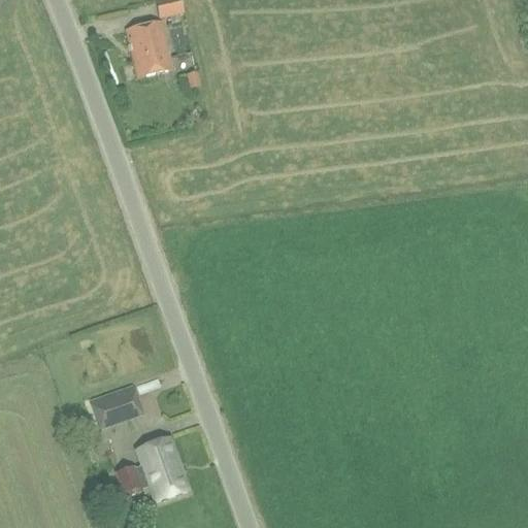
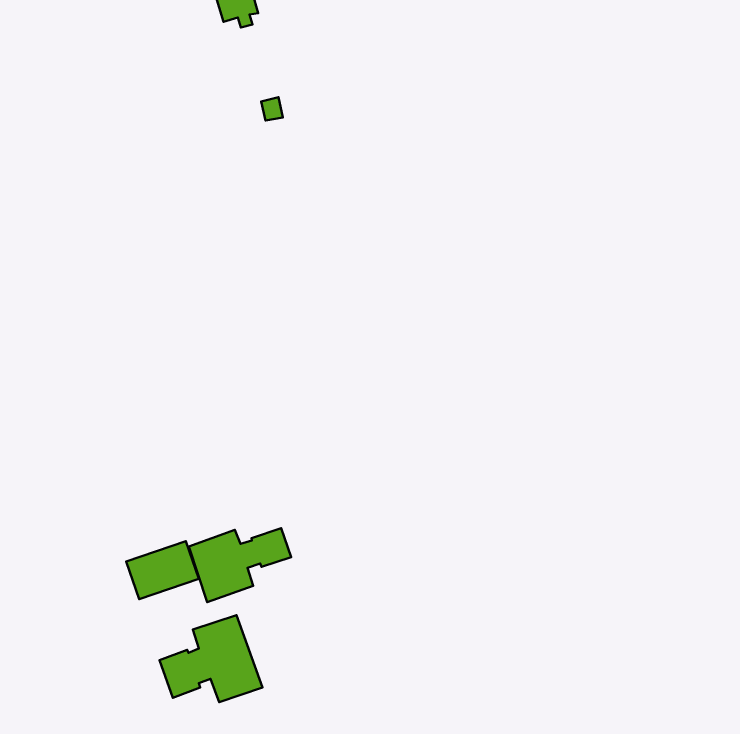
building: [127,19,174,75] -> none
building: none -> [189,528,291,602]

